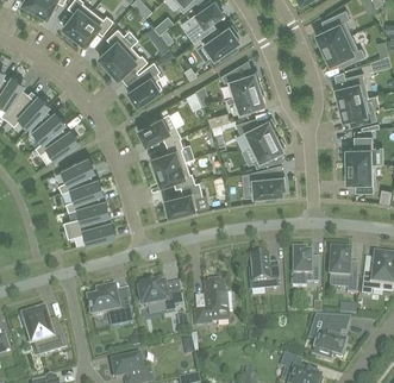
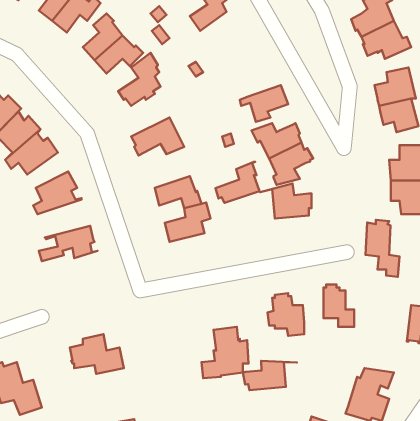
building: [204,25,238,67] -> none
building: [220,65,258,96] -> none
building: [149,137,185,170] -> [216,162,260,203]
building: [61,180,104,211] -> none
building: [64,219,113,244] -> none
building: [330,249,357,295] -> [366,220,399,277]
building: [137,283,181,313] -> none
building: none -> [243,361,297,390]

